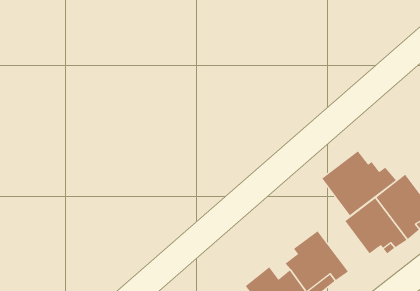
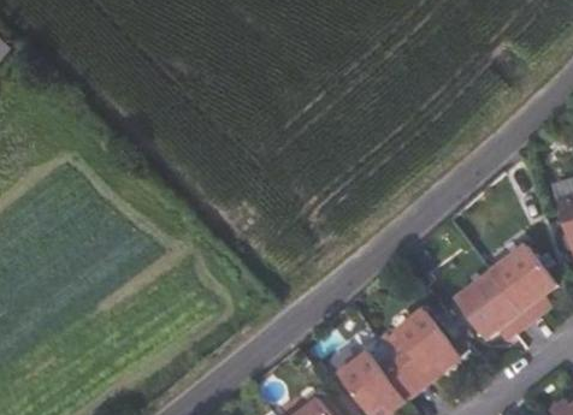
building: [321,150,397,216] -> none

